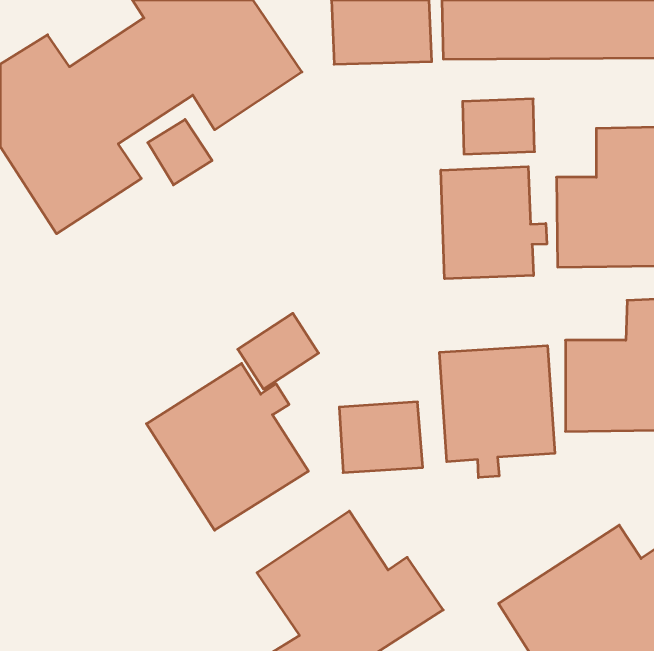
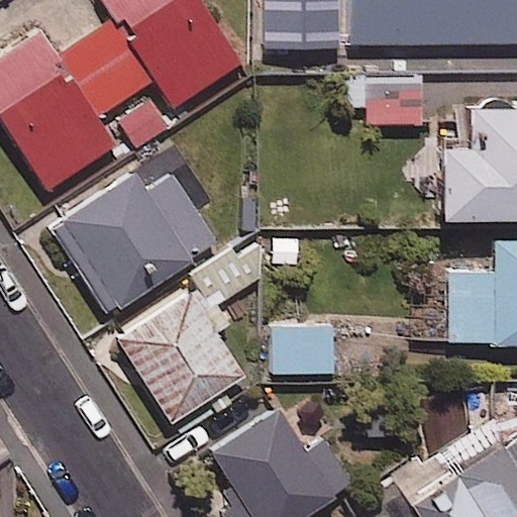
building: [441,167,547,279] -> none
building: none -> [51,173,216,307]
building: [440,346,555,478] -> none

